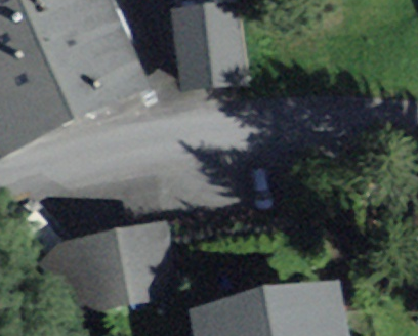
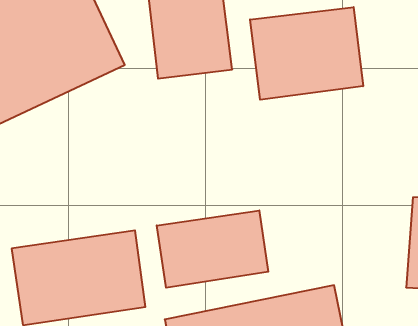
building: none -> [250,7,363,100]
building: none -> [157,210,268,288]

